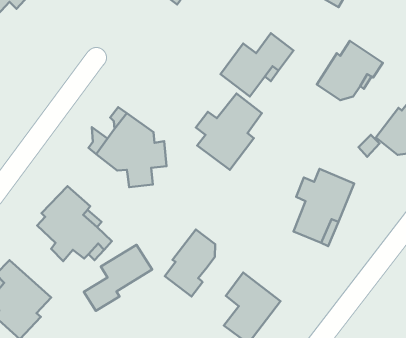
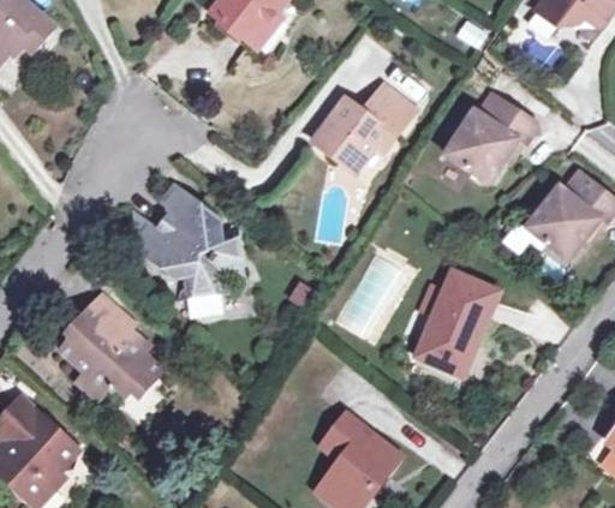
building: [196,93,262,170] -> none
building: [165,230,215,296] -> none
building: [84,245,152,311] -> none

